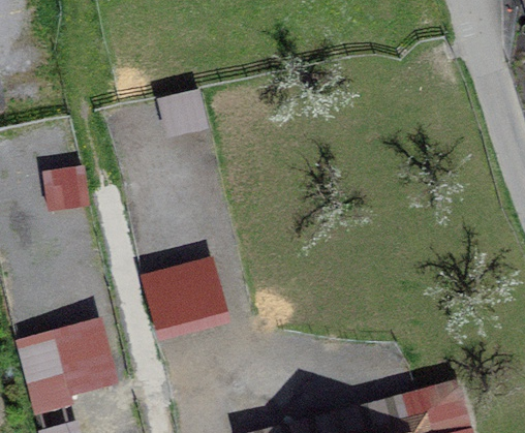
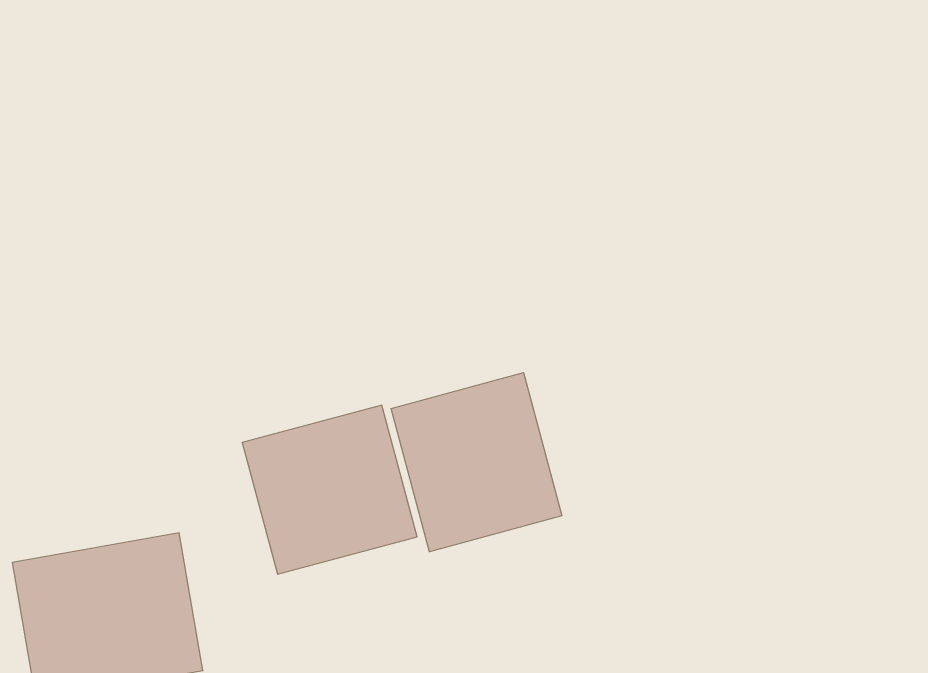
building: none -> [391,373,562,552]

